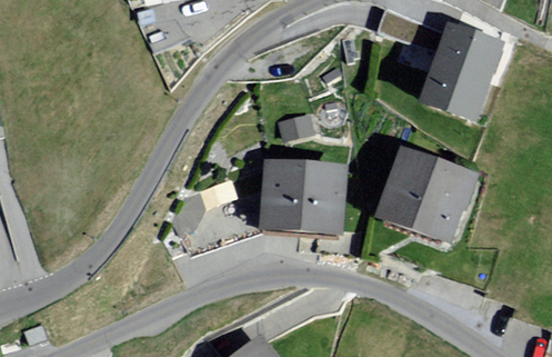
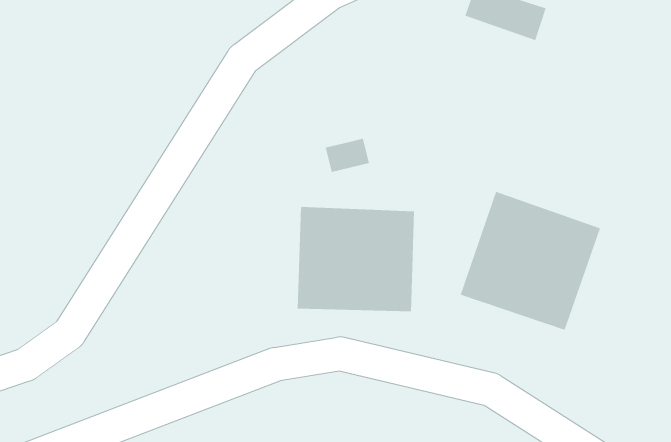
building: [426,24,501,115] -> none

